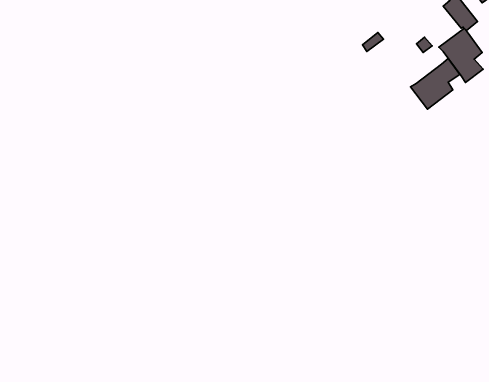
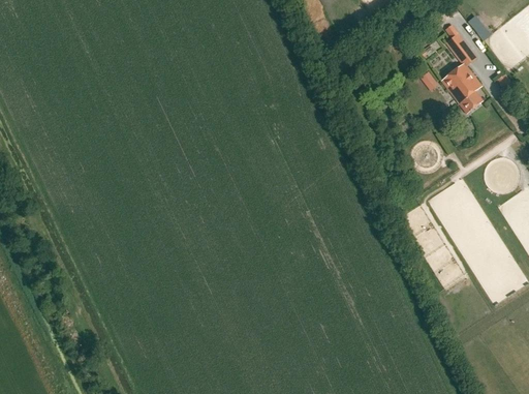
building: [410,59,460,109] -> none

